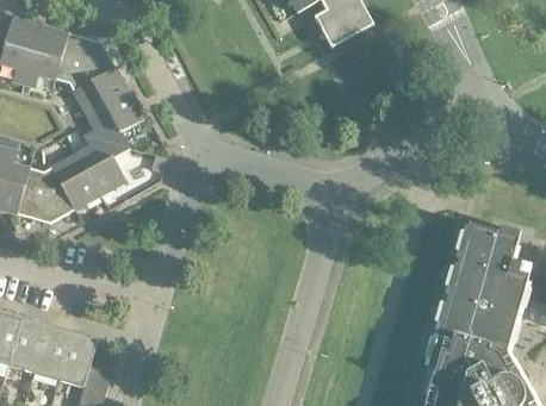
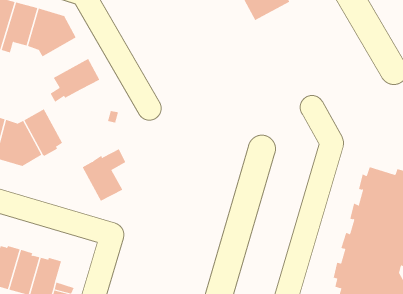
building: [73,68,129,117] -> none
building: [75,131,129,195] -> [82,148,126,202]

